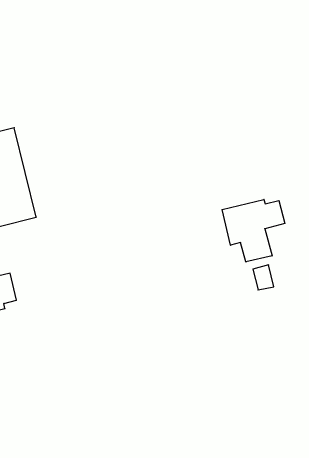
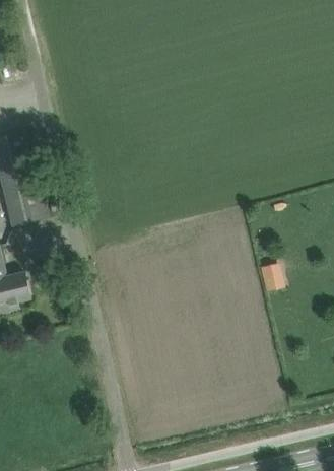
building: [222,199,285,262] -> none

